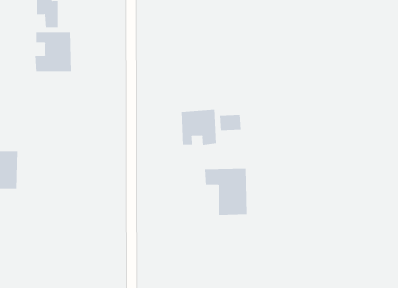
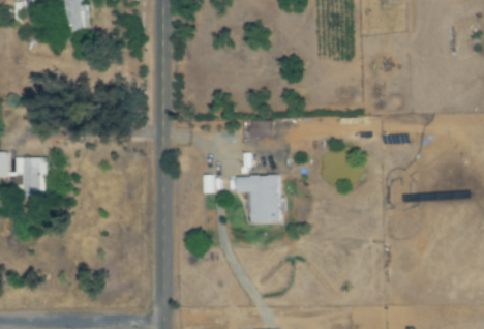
building: [35,31,72,72] -> none
building: [181,109,217,146] -> none

